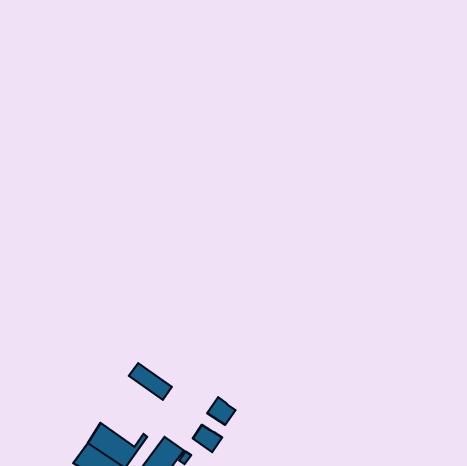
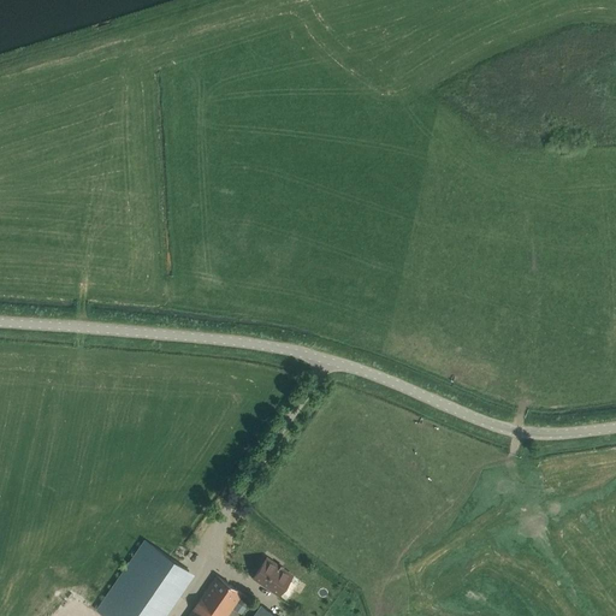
building: [129,363,172,400] -> [132,541,189,590]
building: [207,397,235,425] -> none

